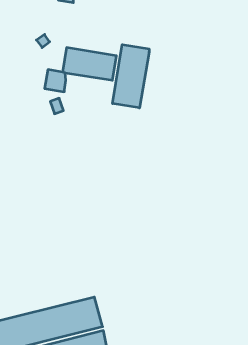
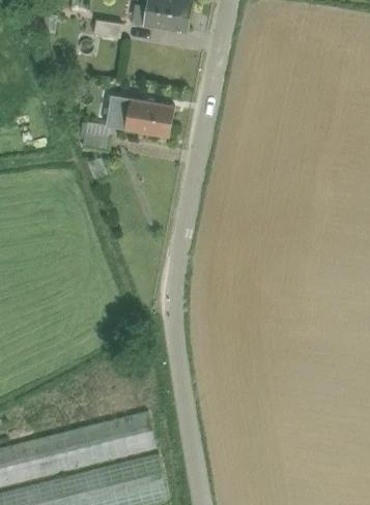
building: [113,45,149,108] -> none

